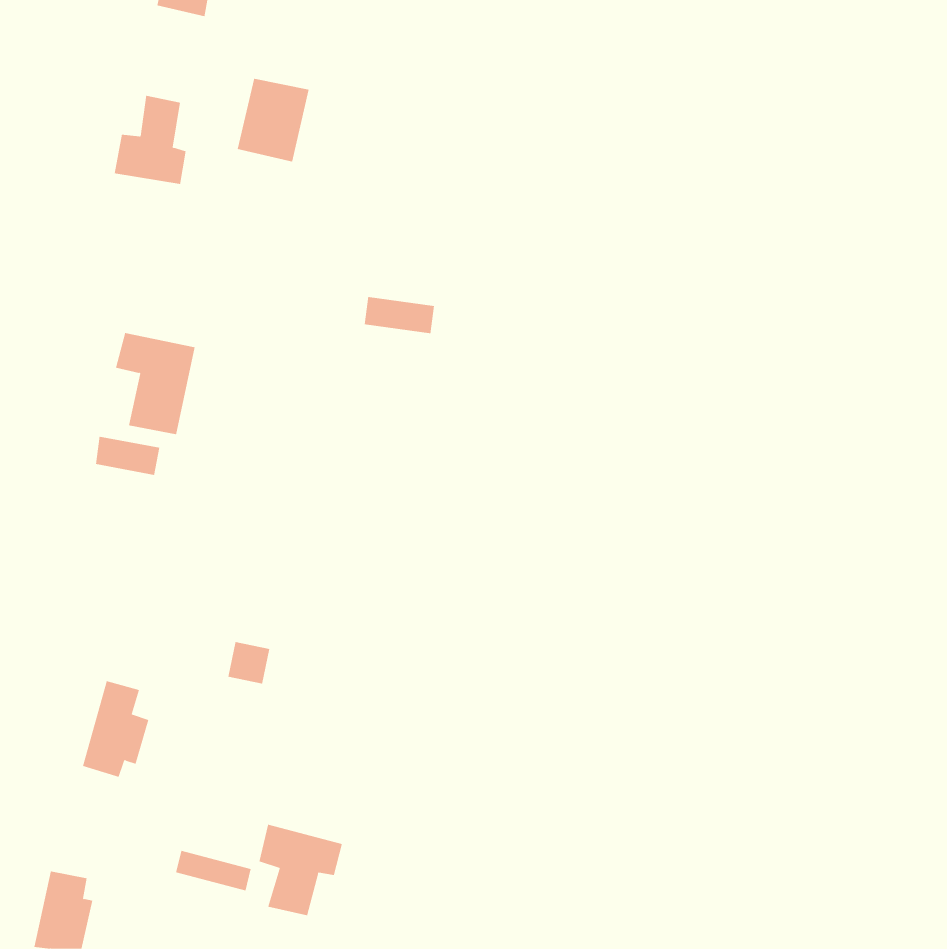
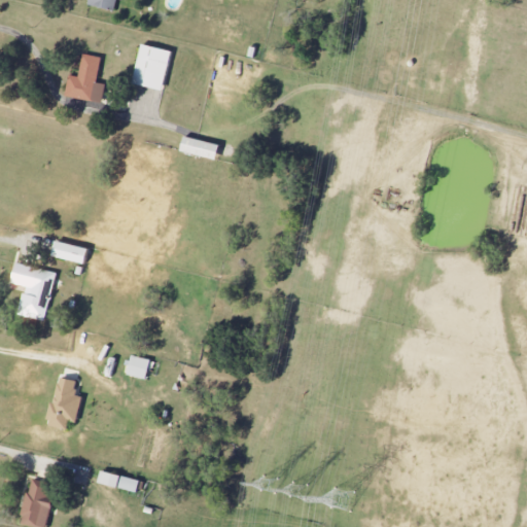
building: [364,297,435,334] -> [180,137,219,157]
building: [115,332,195,435] -> [11,262,56,319]
building: [259,824,342,916] -> none

